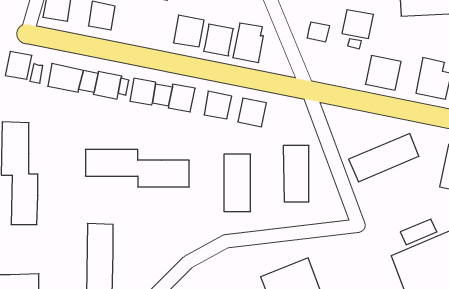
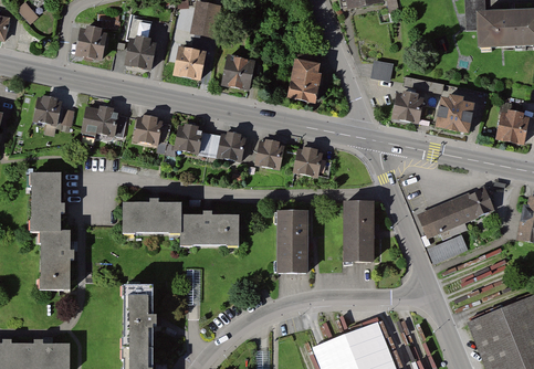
building: none -> [172,43,207,78]
building: [342,10,374,38] -> [390,94,426,126]
building: [204,24,233,56] -> none
building: [400,219,437,245] -> [428,233,469,262]

